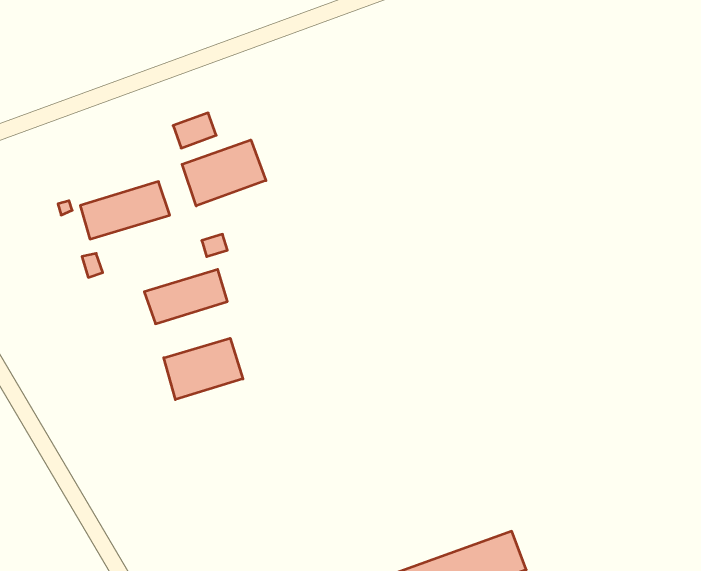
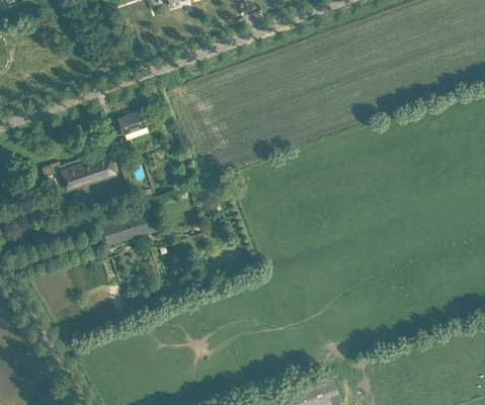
building: [182,140,266,206] -> none
building: [164,338,243,400] -> none

